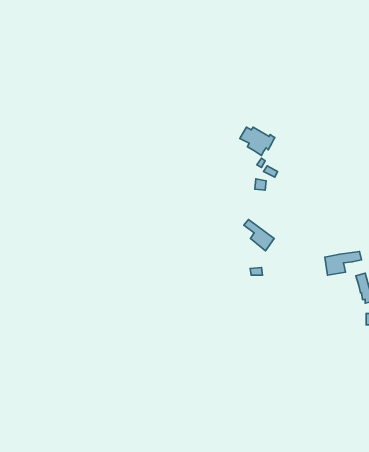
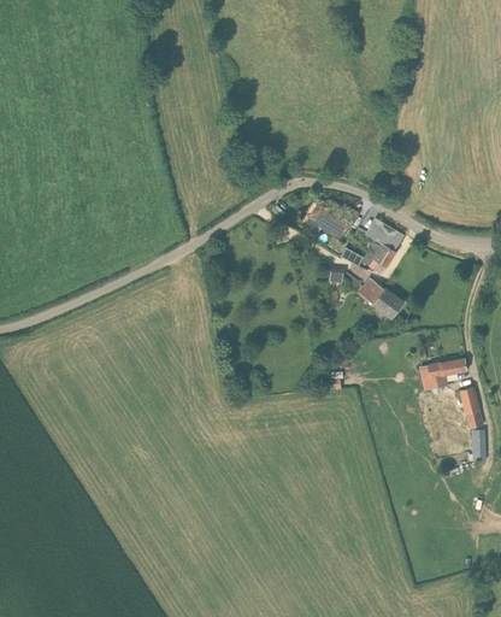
building: none -> [367,224,396,274]
building: [244,220,274,251] -> [363,278,401,318]

